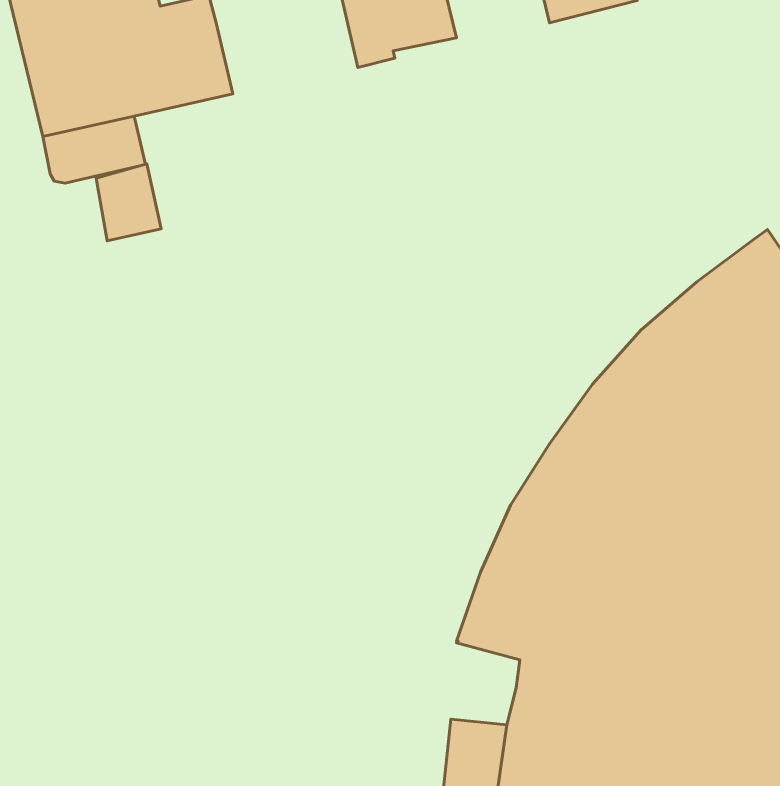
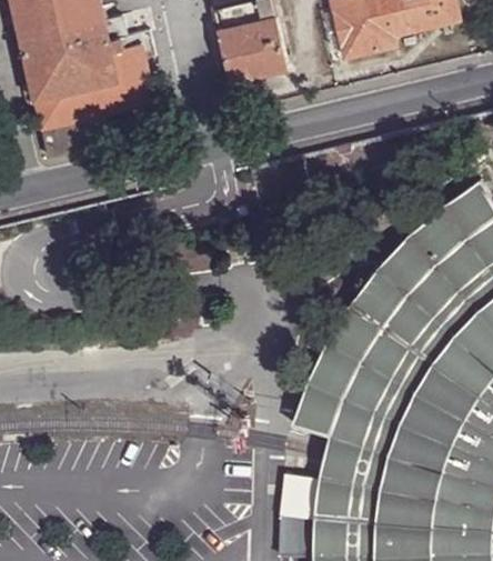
building: [96,164,161,241] -> none

